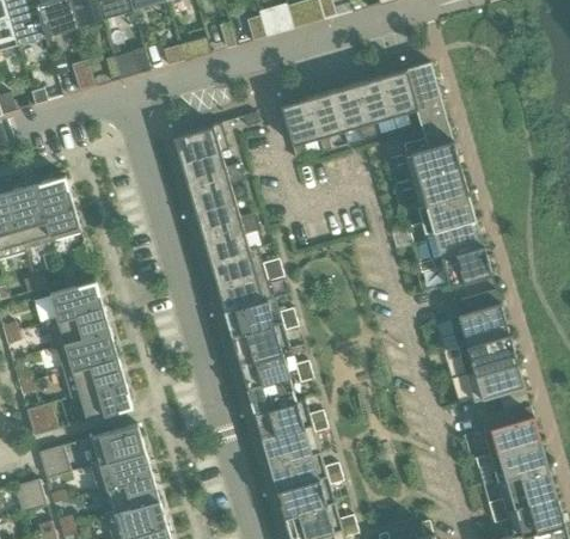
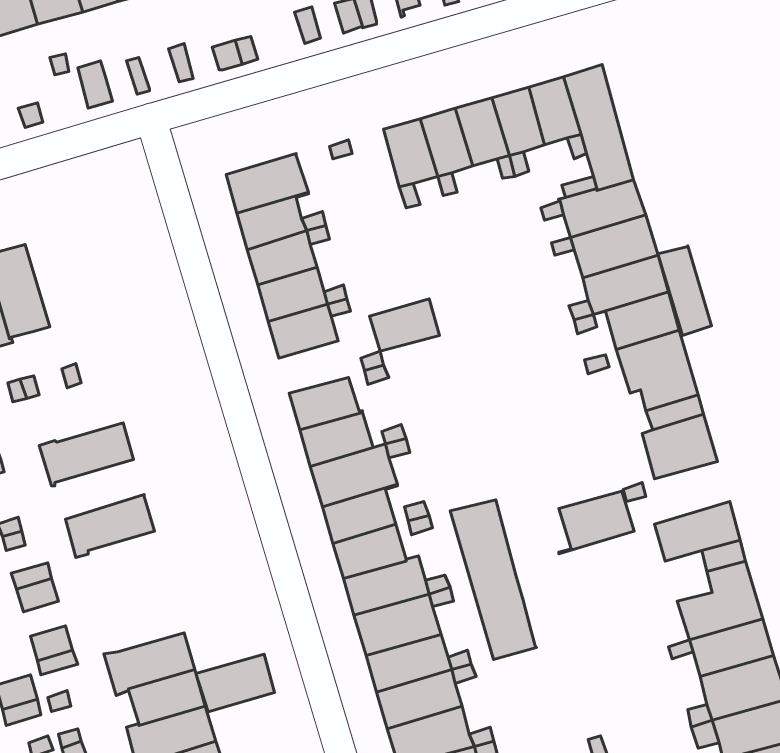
building: [35,177,80,241] -> none
building: none -> [658,246,712,336]
building: [208,251,256,287] -> [370,299,440,351]
building: [48,281,102,320] -> none
building: [55,332,116,373] -> none
building: [465,333,516,376] -> [559,491,634,554]
building: none -> [450,500,536,660]
building: [78,381,131,421] -> none
building: [90,424,143,464] -> [196,654,275,712]

